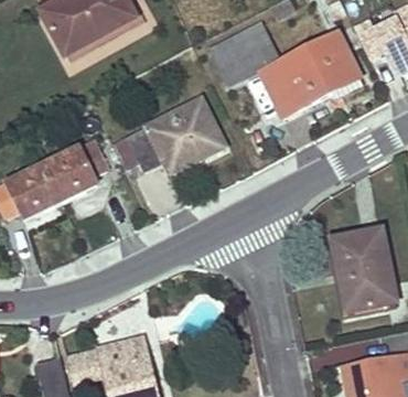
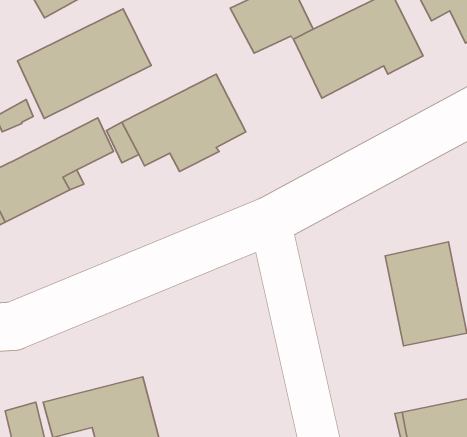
building: none -> [18,9,151,118]

